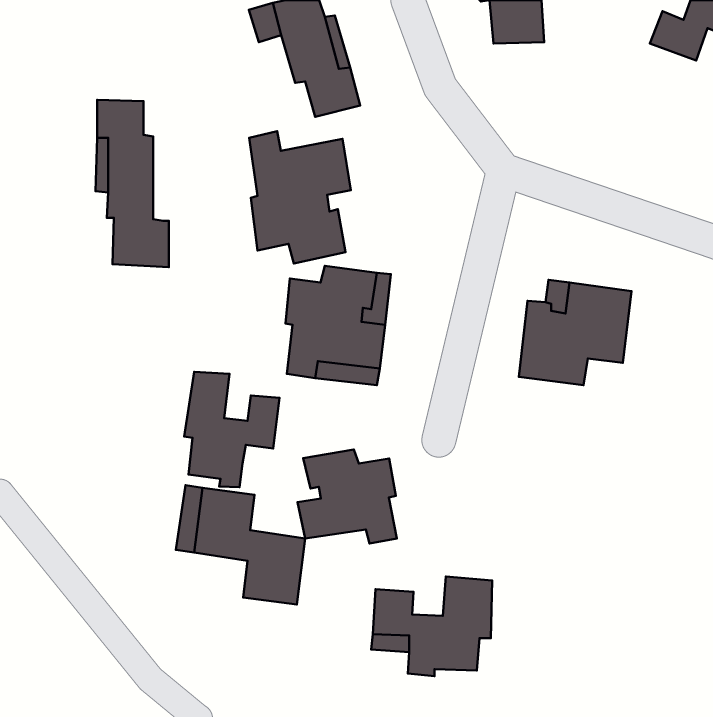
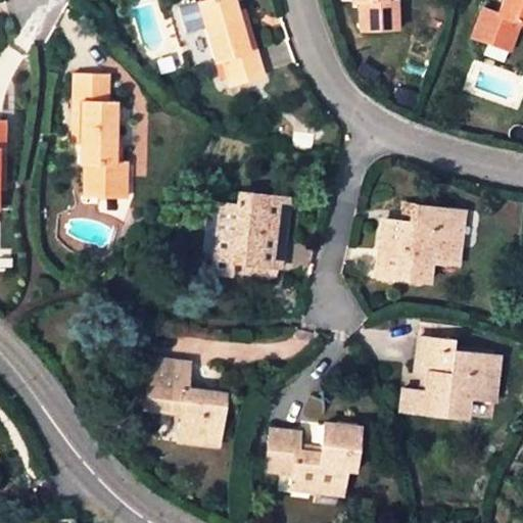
building: [249,131,351,263] -> none
building: [184,372,280,487] -> none
building: [297,450,397,543] -> none
building: none -> [398,337,491,419]

